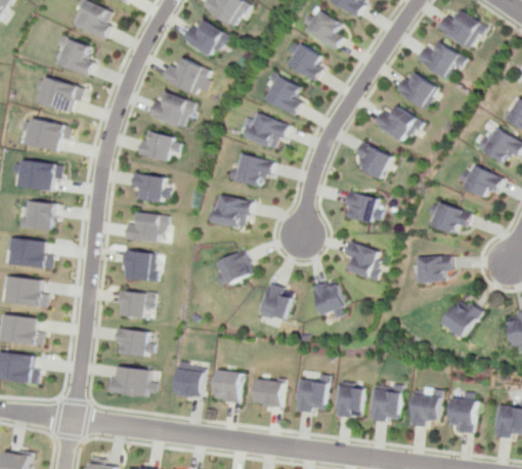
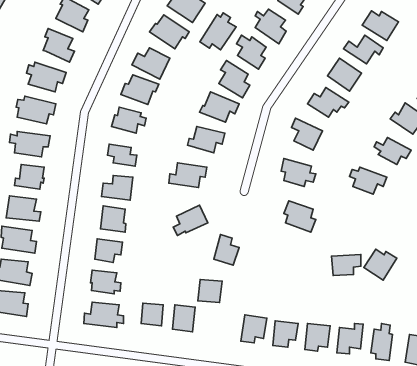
building: none -> [200,13,236,50]
building: [418,258,453,284] -> [331,254,361,275]
building: [311,281,352,321] -> none
building: [252,378,281,406] -> [198,280,222,302]

